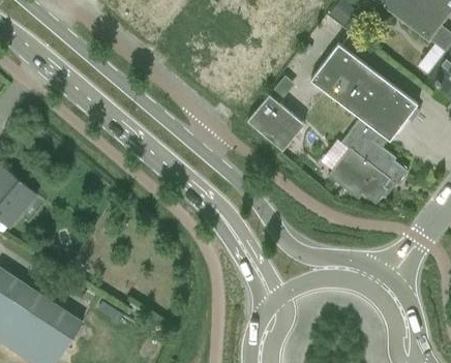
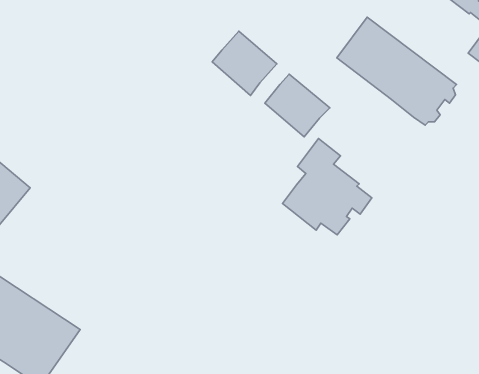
building: none -> [212,31,277,95]
building: [327,117,407,203] -> [282,139,372,235]

